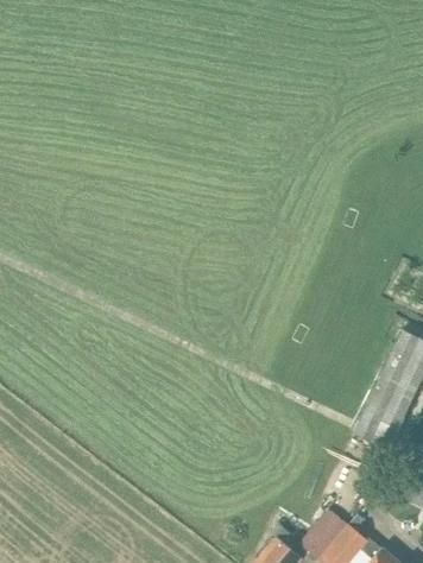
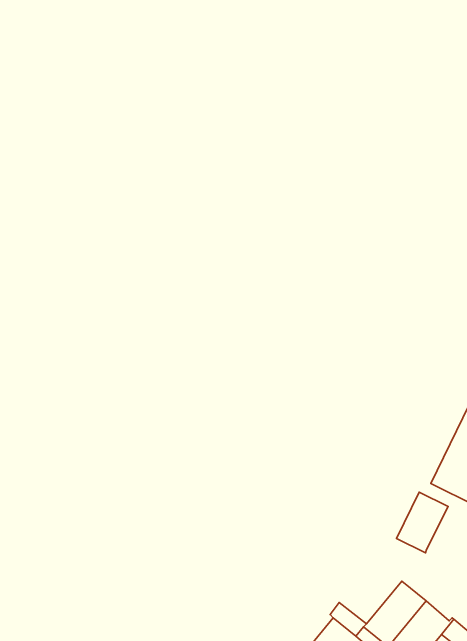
building: none -> [397,492,448,553]

